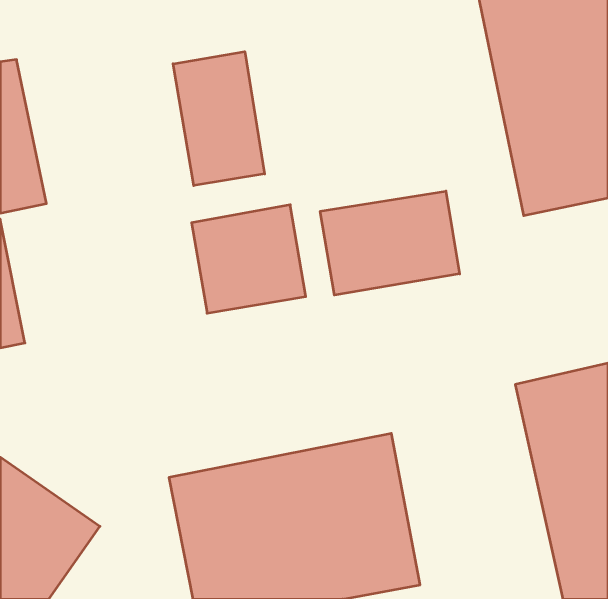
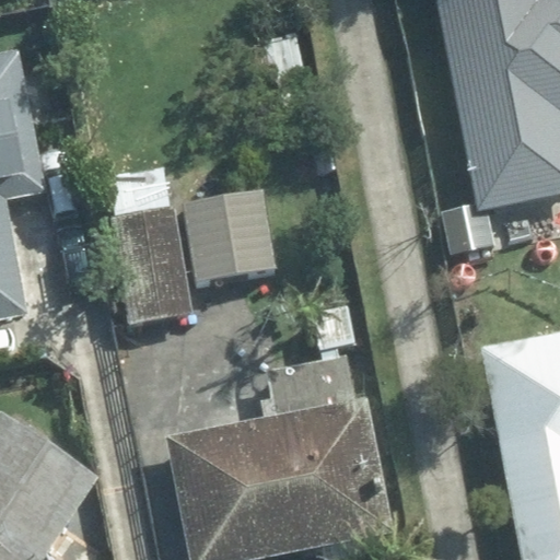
building: [173,52,265,186] -> none
building: none -> [106,161,191,328]
building: [320,191,460,295] -> none

